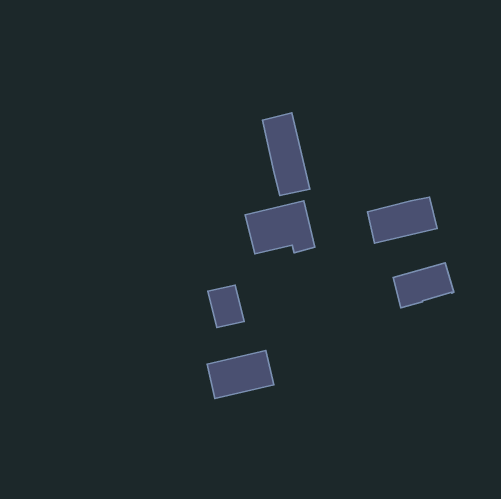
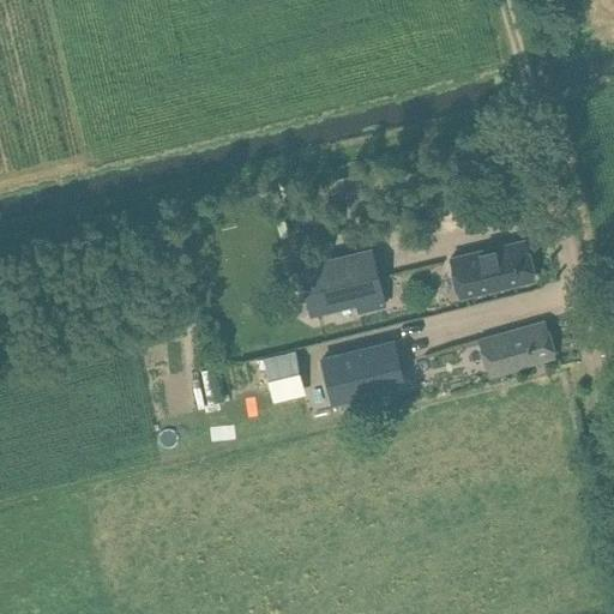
building: [263,113,310,195] -> none
building: [207,350,274,398] -> [324,351,405,410]

